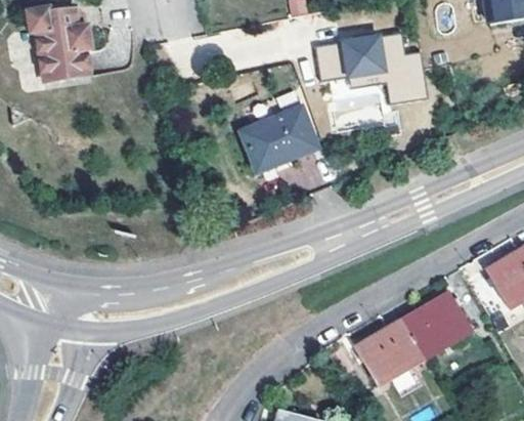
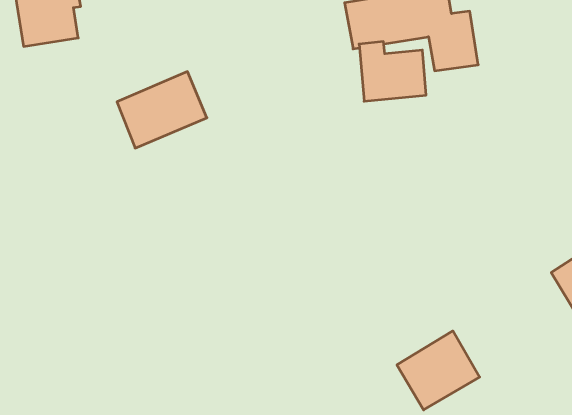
building: [243,106,318,170] -> [117,72,207,148]
building: [405,294,472,359] -> none

